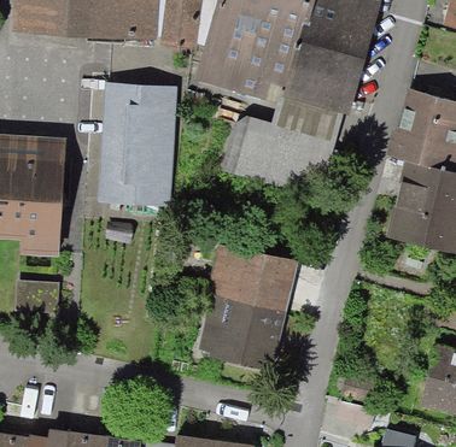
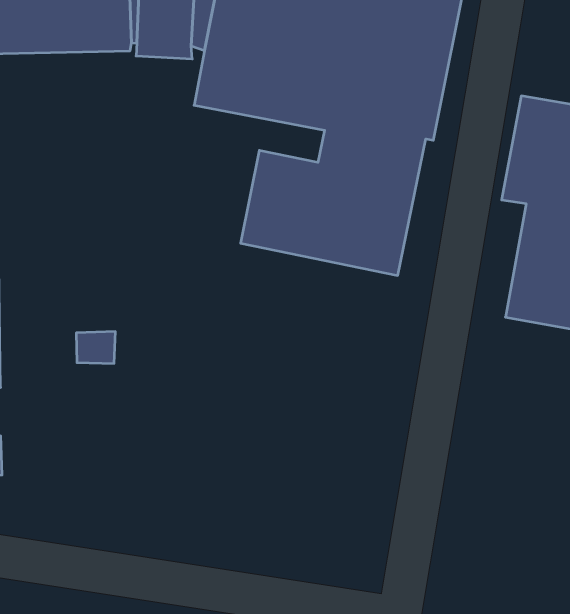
building: [110,88,164,198] -> none
building: [200,245,290,365] -> none

